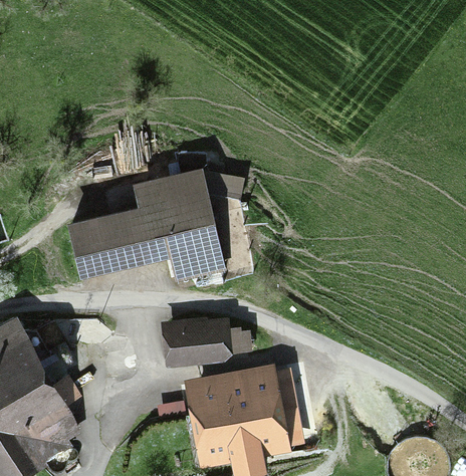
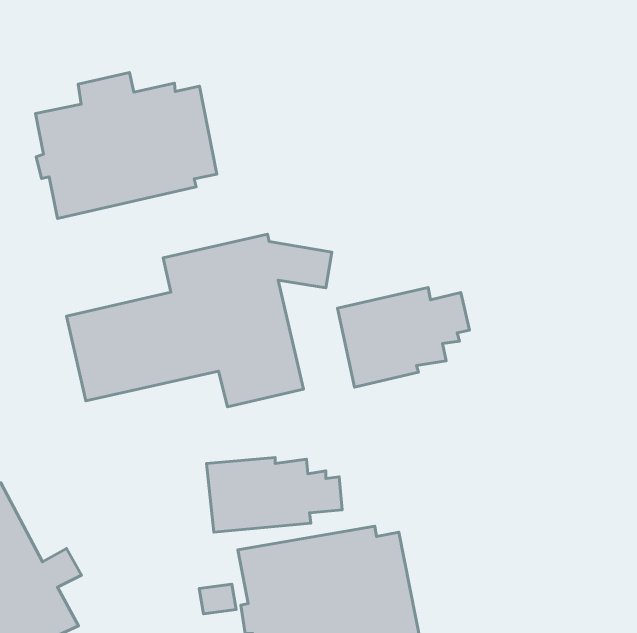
building: none -> [35,73,217,219]
building: none -> [338,288,470,387]

